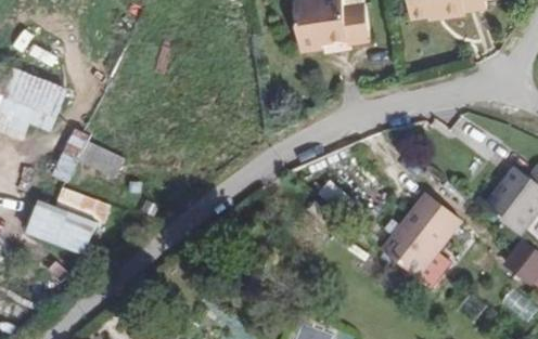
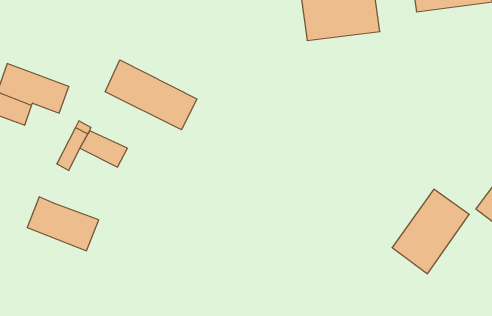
building: none -> [105,60,197,130]
building: [54,185,112,226] -> none

